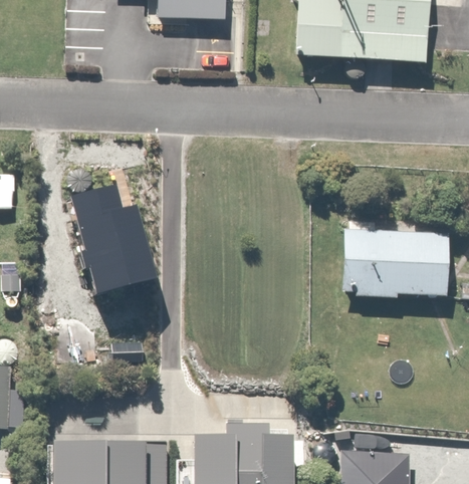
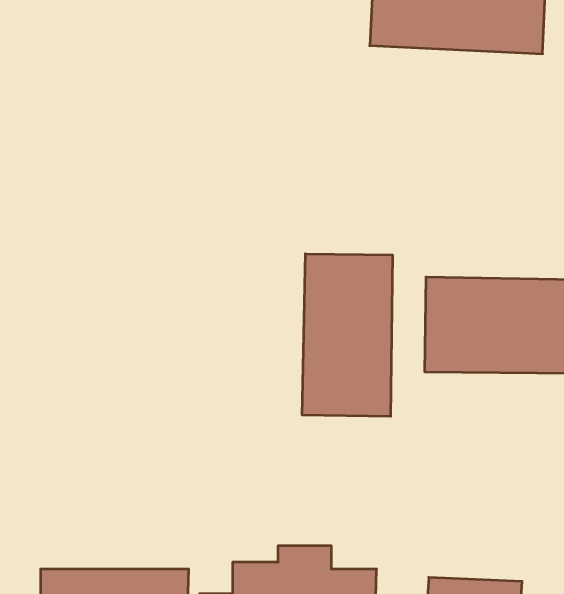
building: [66,178,157,290] -> none
building: none -> [302,254,392,416]

